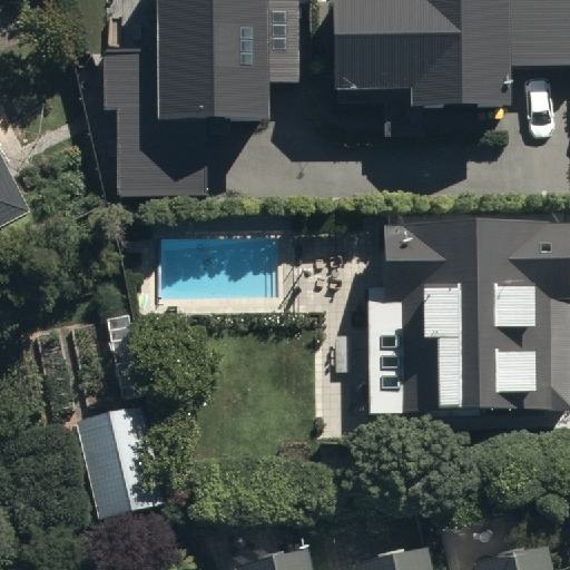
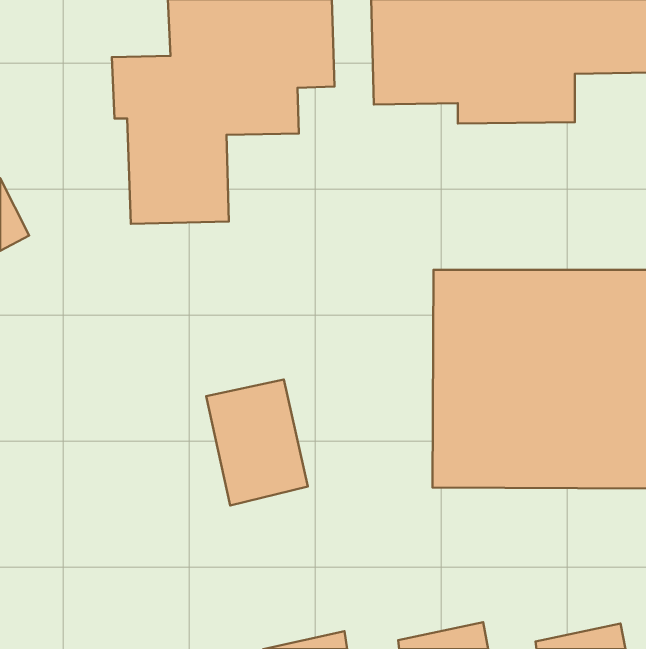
building: [78,404,167,514] -> [206,380,308,506]

